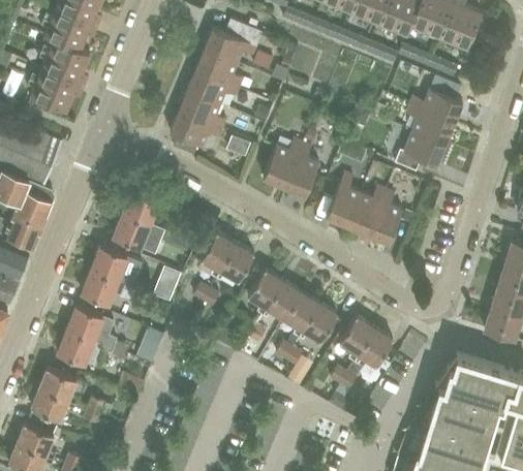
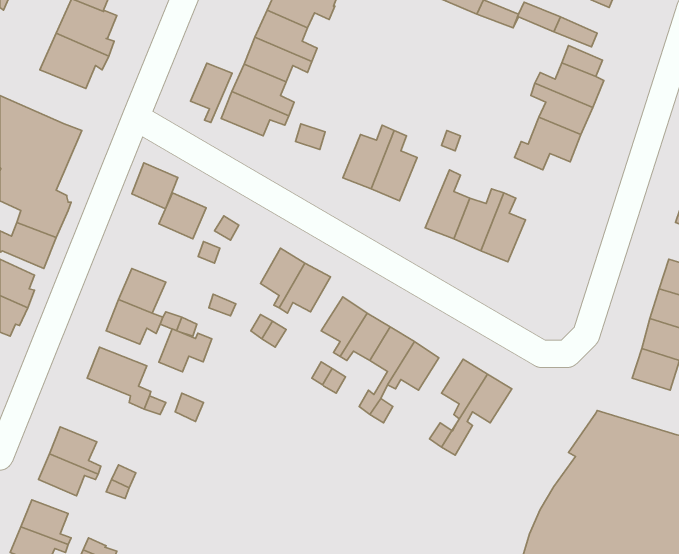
building: none -> [191,63,232,123]
building: [113,213,148,248] -> [132,163,178,209]
building: none -> [159,329,212,372]
building: [58,331,92,365] -> none

